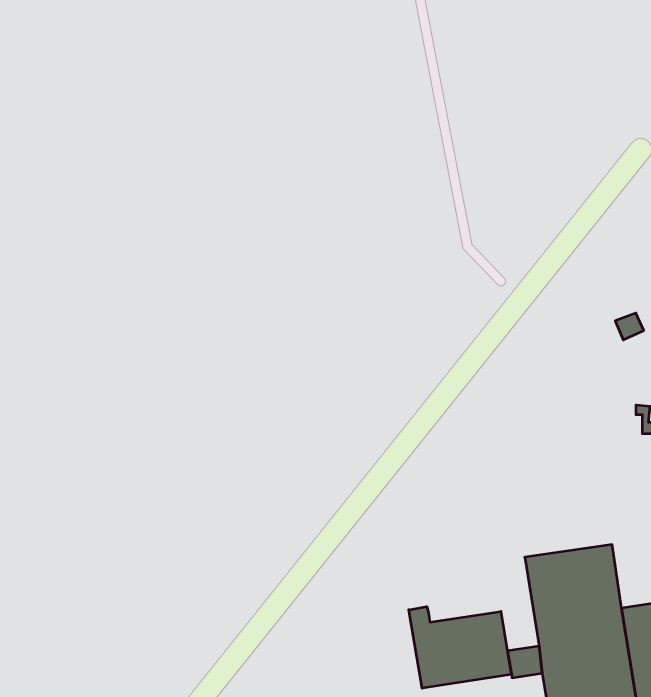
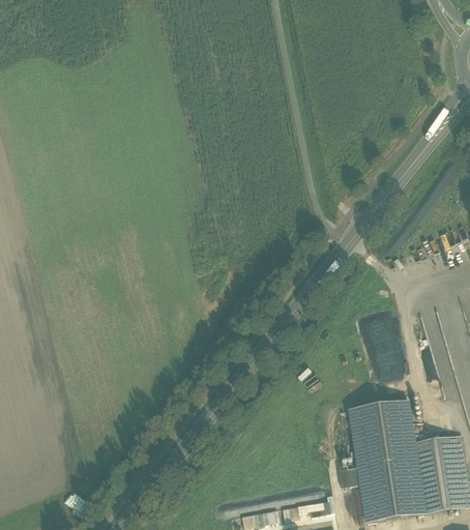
building: [409,607,511,688] -> none

